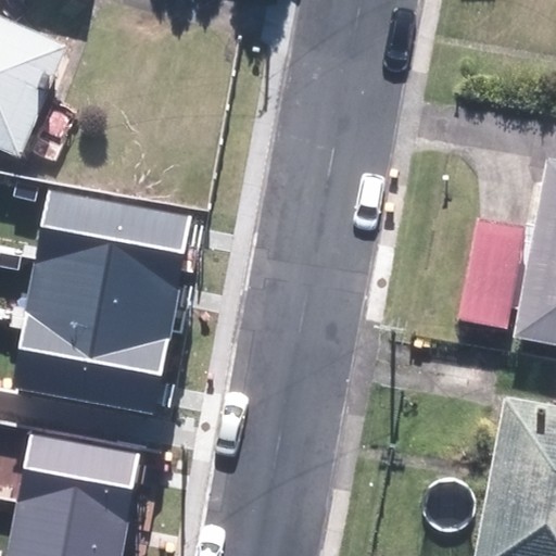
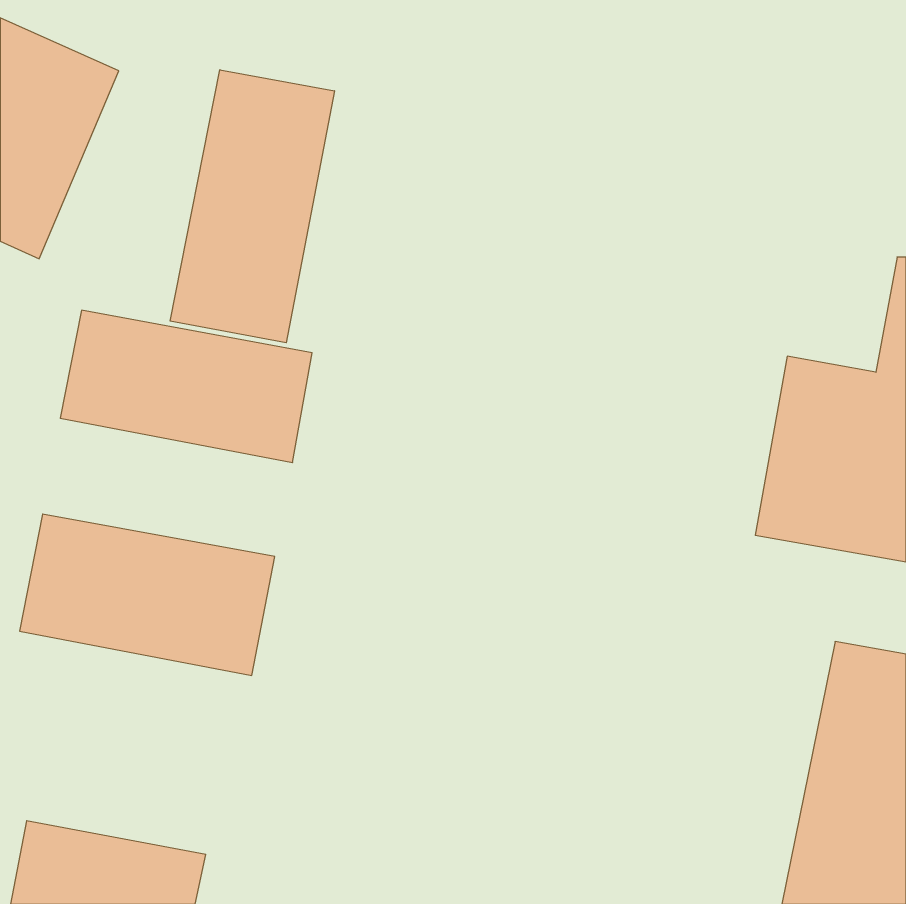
building: none -> [170,70,334,343]
building: [26,256,179,341] -> none
building: [16,433,139,523] -> none

